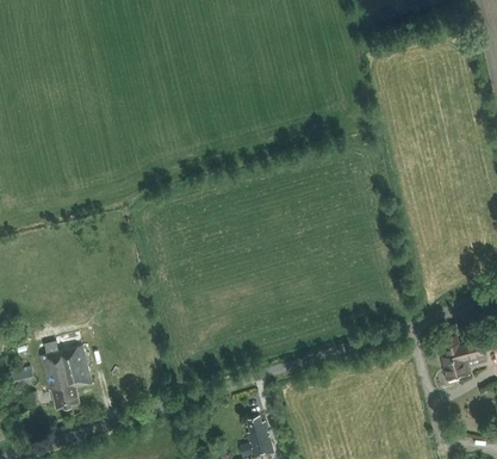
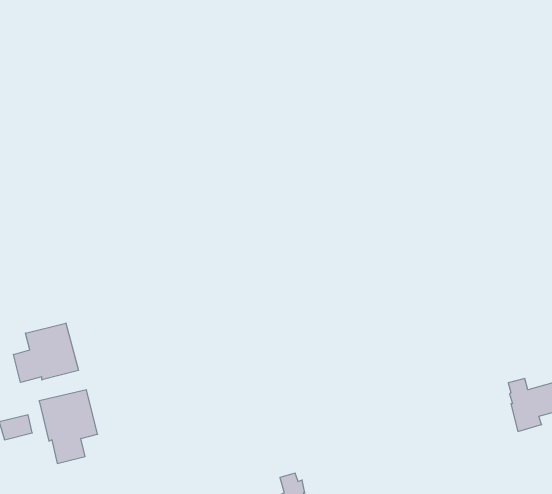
building: none -> [13,323,78,382]

